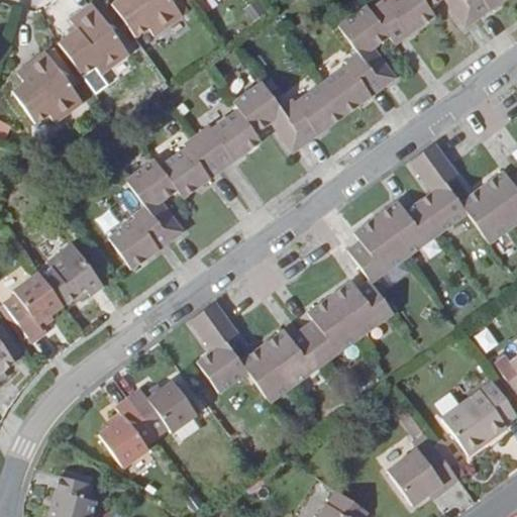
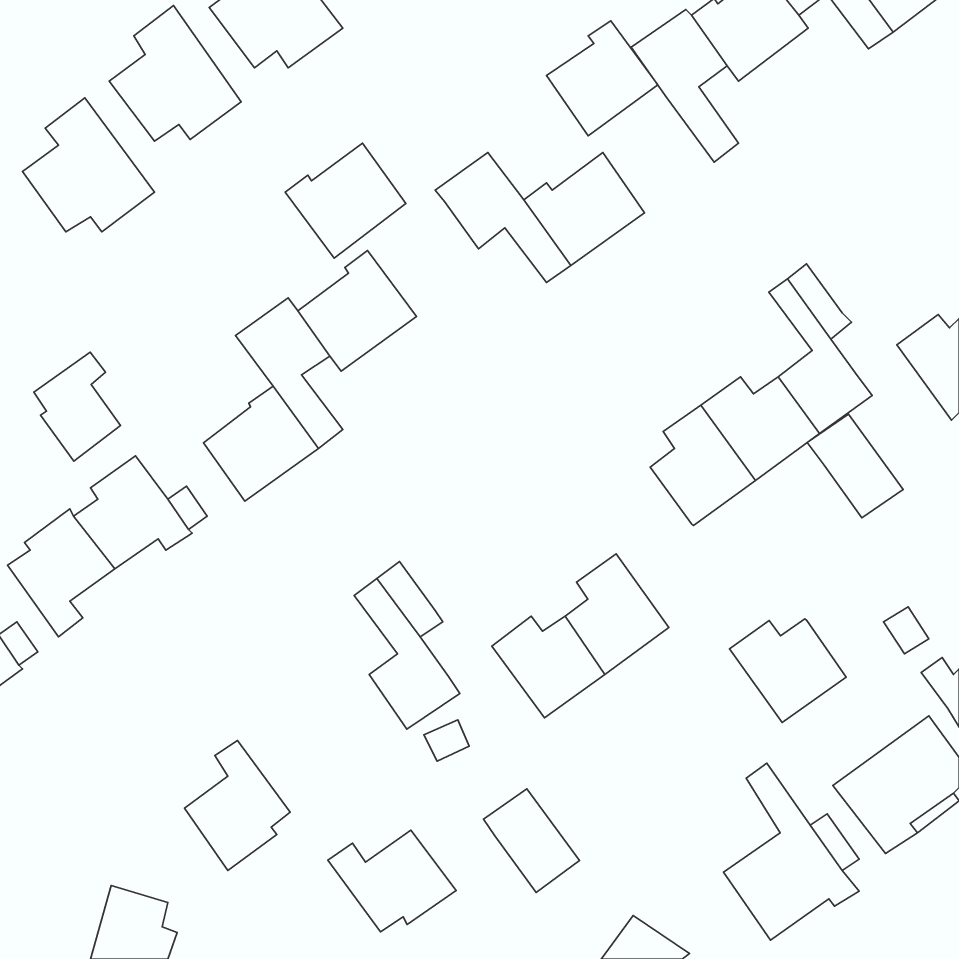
building: [323,53,383,114] -> [547,21,658,136]
building: [197,108,262,170] -> [285,143,406,258]
building: [458,185,510,240] -> [807,414,903,518]
building: none -> [34,352,121,461]
building: [330,281,393,336] -> [729,619,846,722]
building: [240,346,292,402] -> [483,789,580,892]
building: [127,381,196,435] -> [328,830,456,932]

